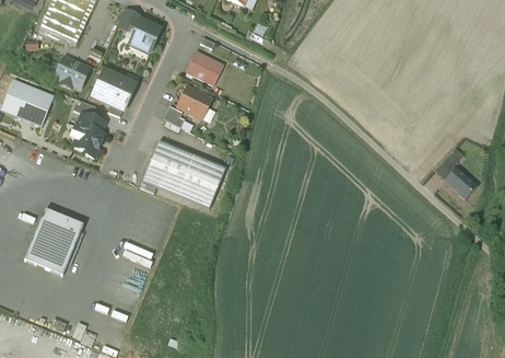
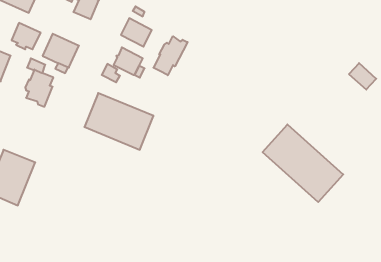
building: none -> [153,36,188,75]
building: [444,168,477,199] -> [349,63,376,90]
building: none -> [263,124,343,202]

